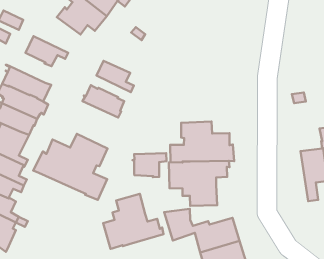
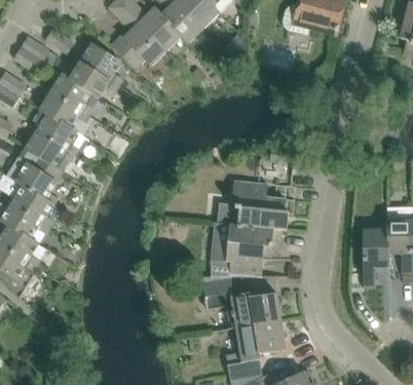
building: [96,61,134,92] -> [82,46,122,85]
building: [83,85,124,118] -> [51,75,98,115]
building: [33,134,107,200] -> none
building: [133,153,166,177] -> none
building: [103,194,163,249] -> none

